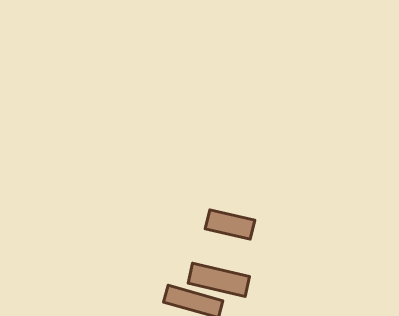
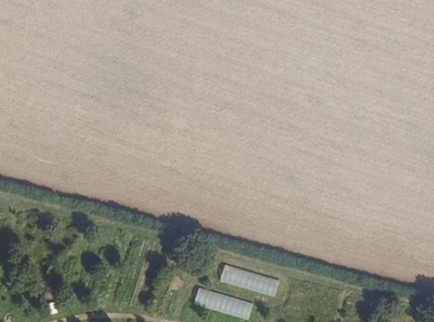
building: [205,210,255,239] -> none

